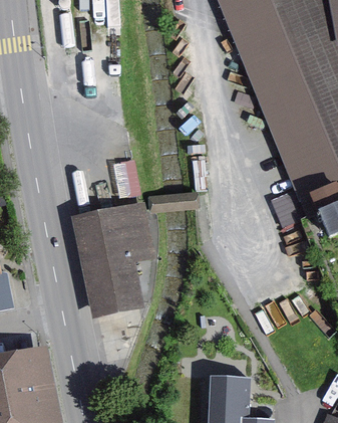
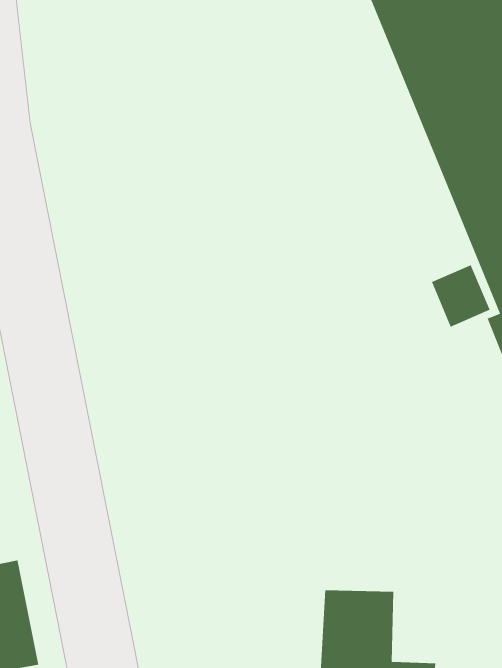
building: [78,207,150,307] -> none

